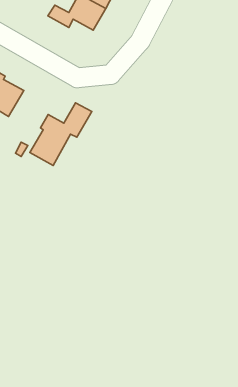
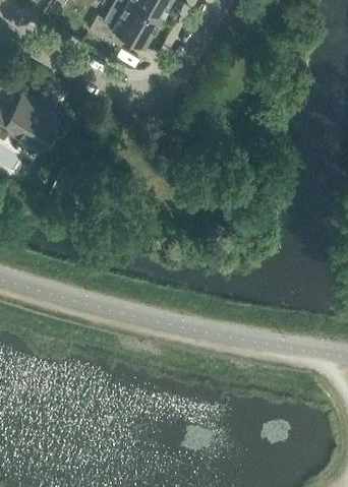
building: [30,103,92,165] -> none

